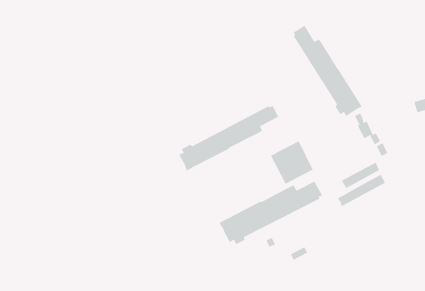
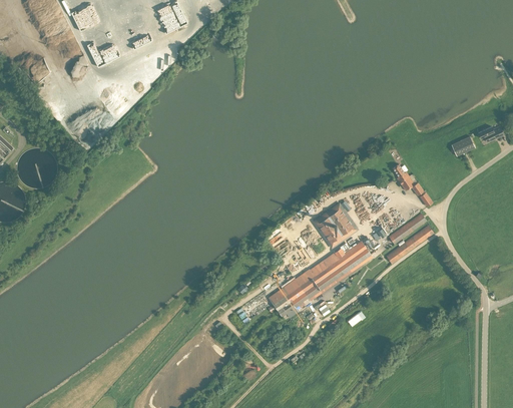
building: [293,25,362,117] -> none
building: [179,105,279,171] -> none

